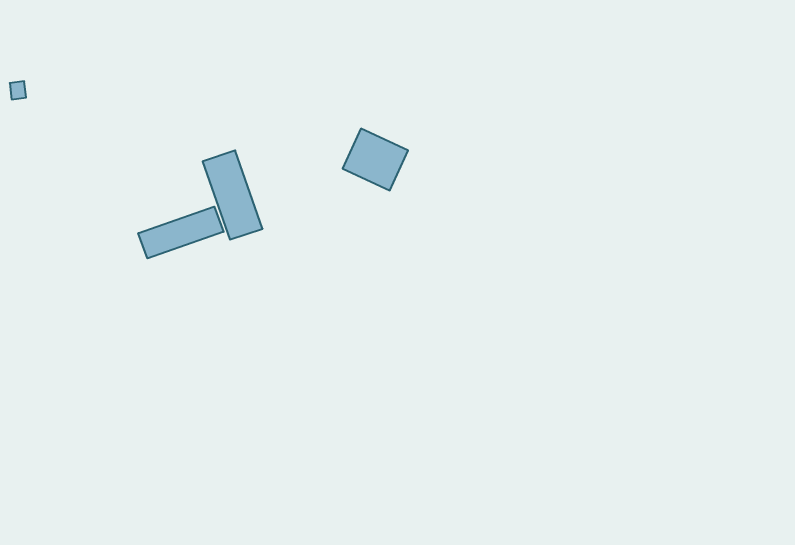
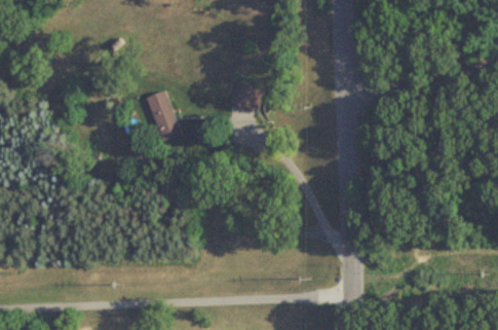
building: [138,207,224,258] -> none

